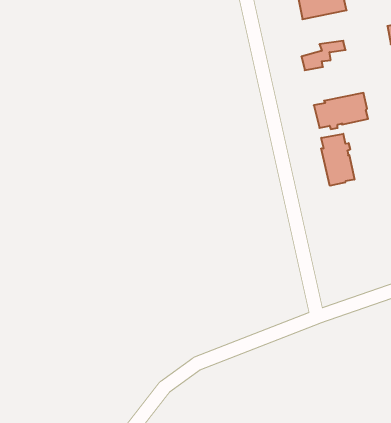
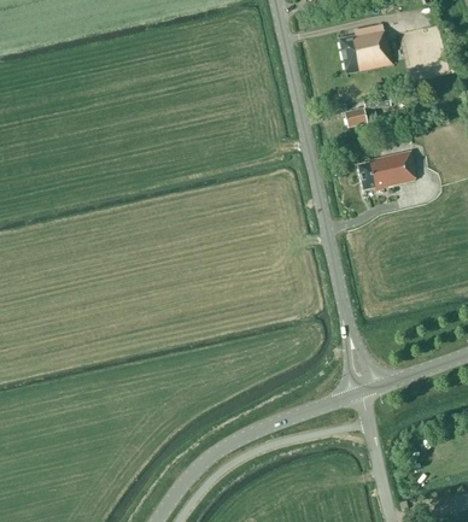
building: [321,134,354,186] -> none

